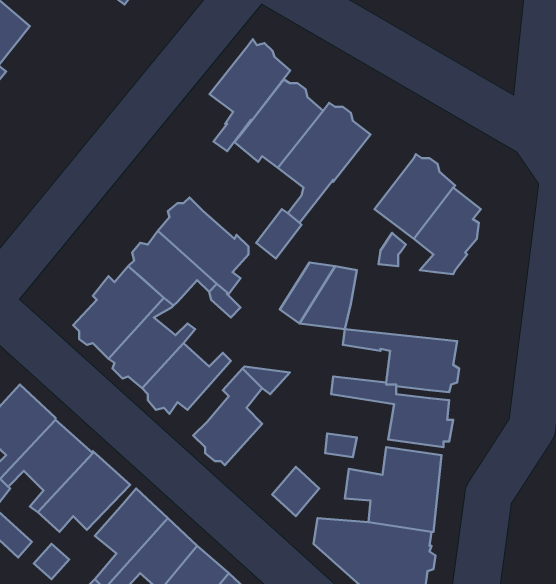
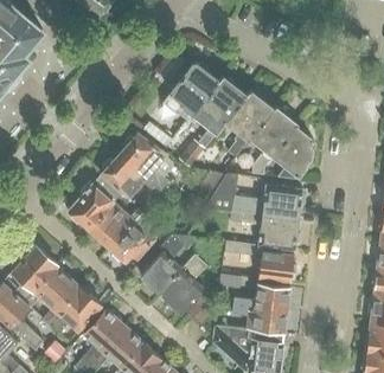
building: [209,39,290,151] -> [225,90,274,157]
building: none -> [232,184,306,219]
building: none -> [160,255,207,313]

